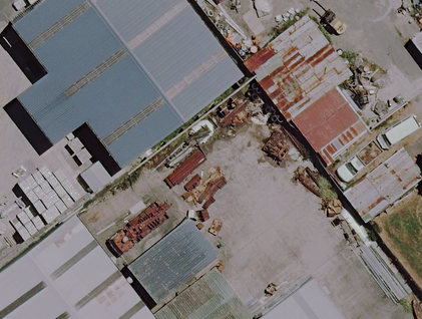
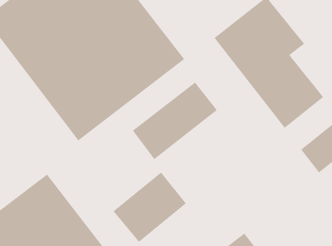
building: none -> [132,81,218,160]

